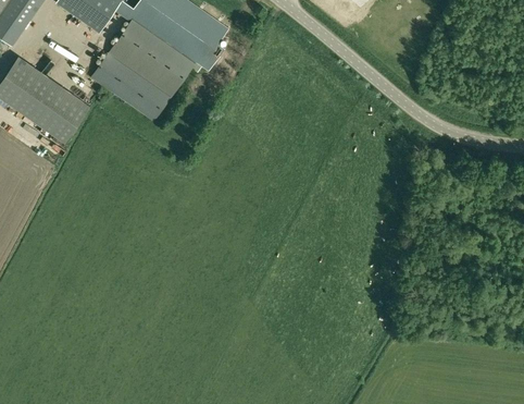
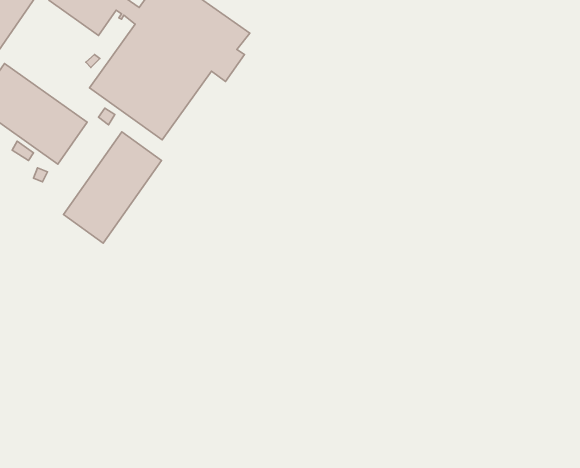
building: none -> [63,132,161,243]

